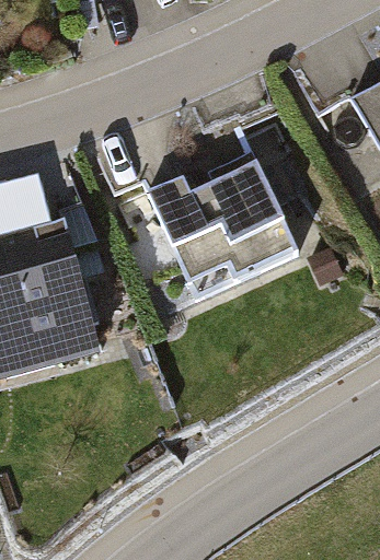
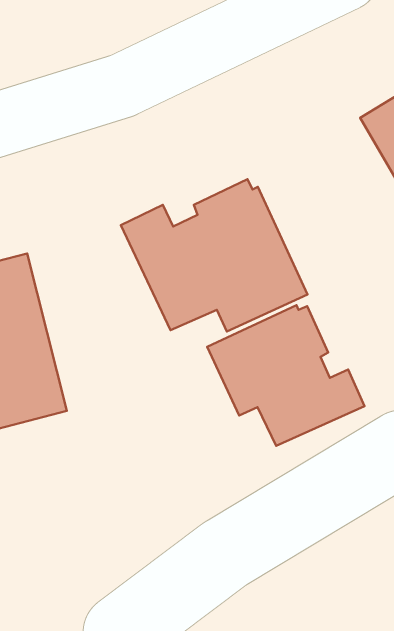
building: none -> [207,305,364,446]

